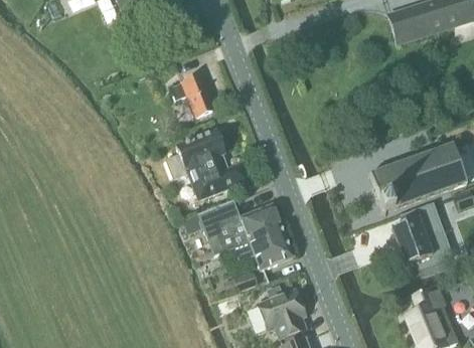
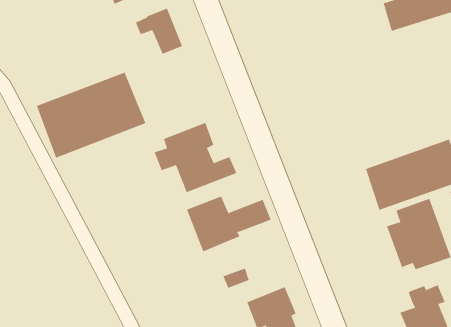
building: [171,71,217,117] -> [135,8,183,55]
building: none -> [36,72,146,159]
building: [234,223,294,269] -> none

